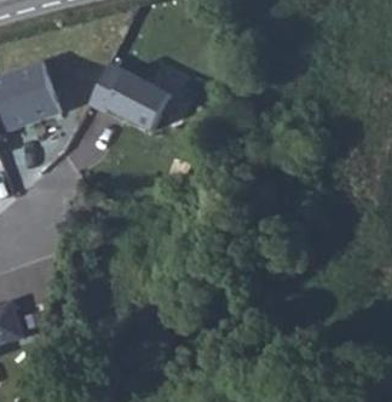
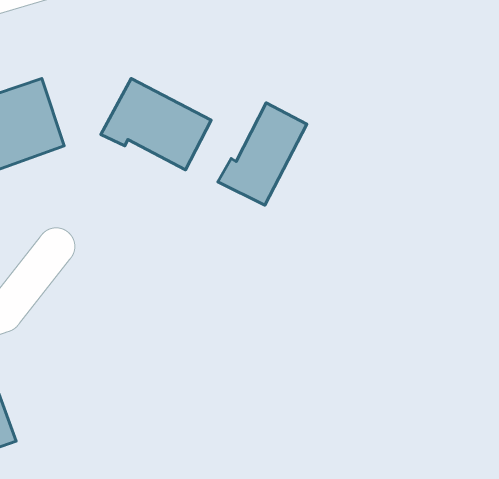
building: none -> [218,103,307,205]

